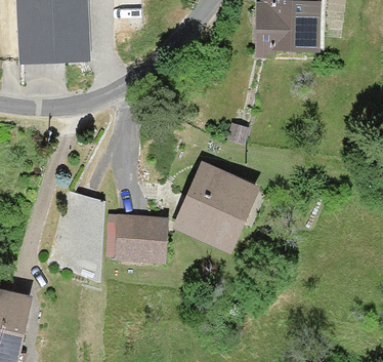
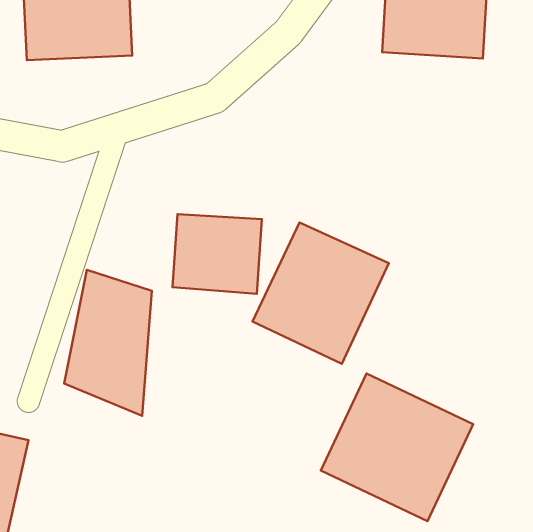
building: [110,213,166,264] -> [173,214,262,294]
building: none -> [321,374,473,521]

